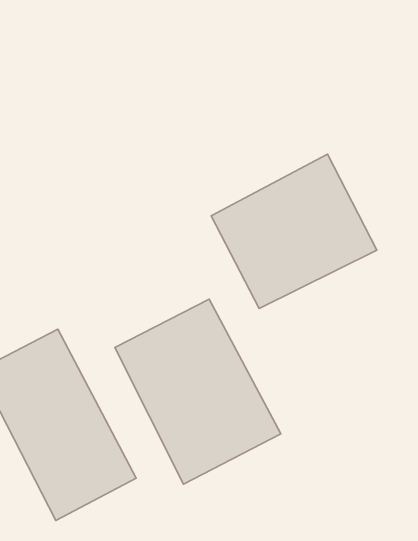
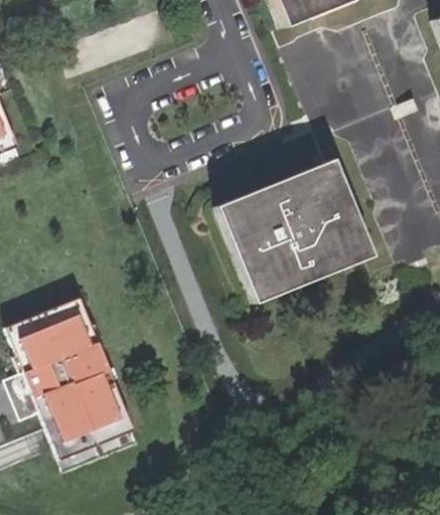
building: [115,299,281,484] -> none

